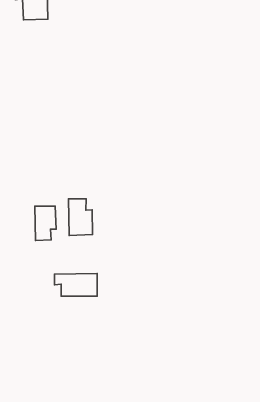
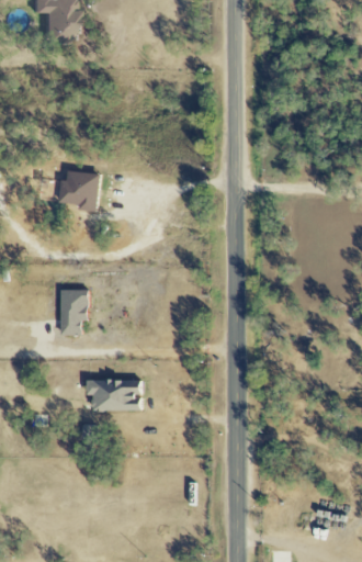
building: none -> [57,169,100,209]
building: [68,199,93,235] -> none

